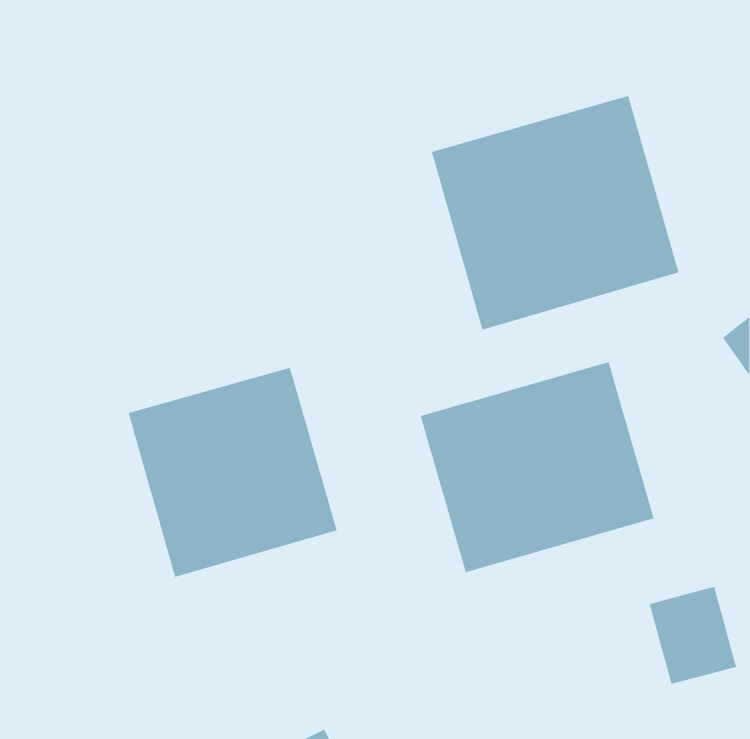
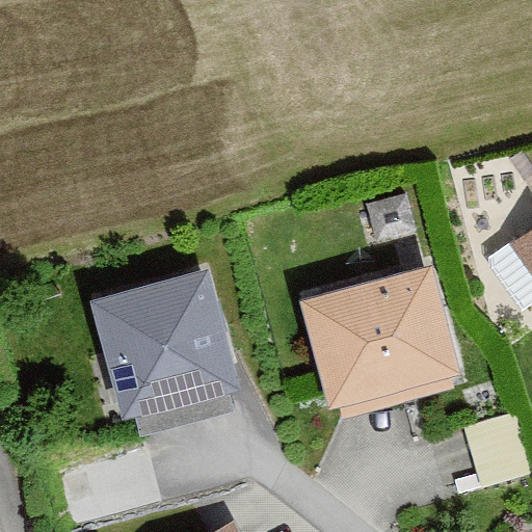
building: [431,95,679,330] -> none

